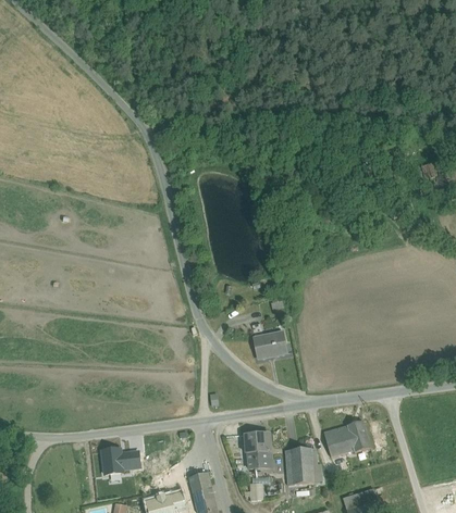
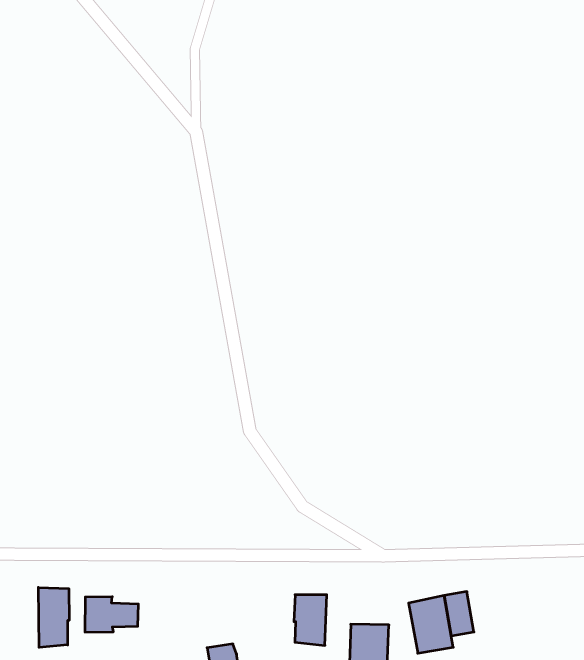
building: [254,333,285,359] -> none
building: none -> [38,587,69,647]

